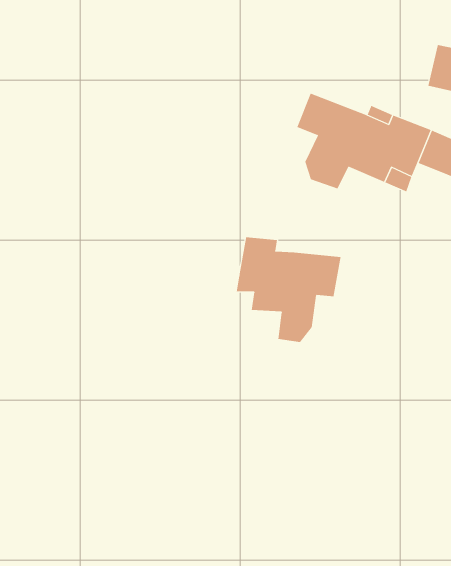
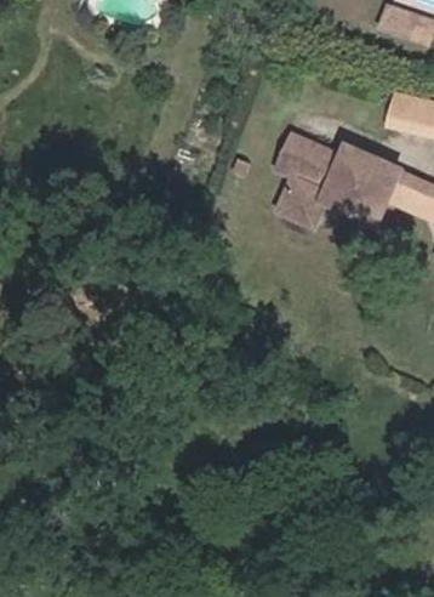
building: [236,236,341,343] -> none

